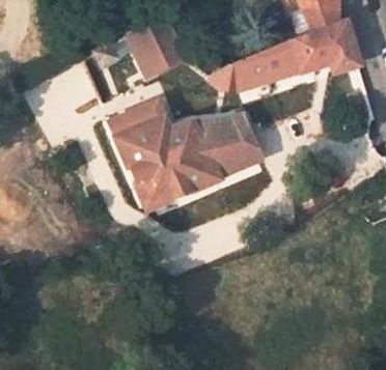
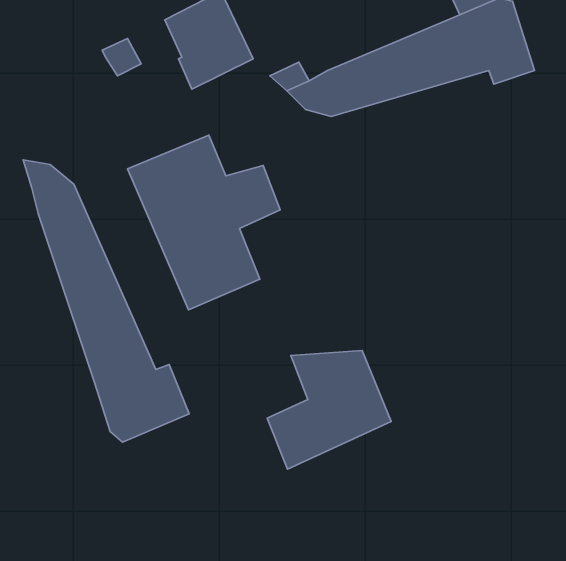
building: none -> [23,160,189,442]
building: [178,119,254,192] -> [267,350,391,469]

